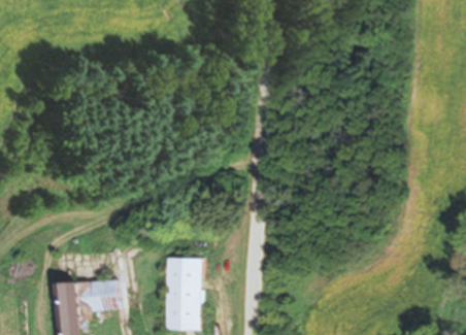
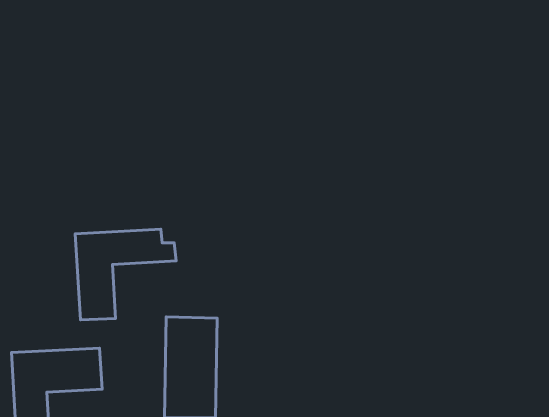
building: none -> [75,229,176,320]

